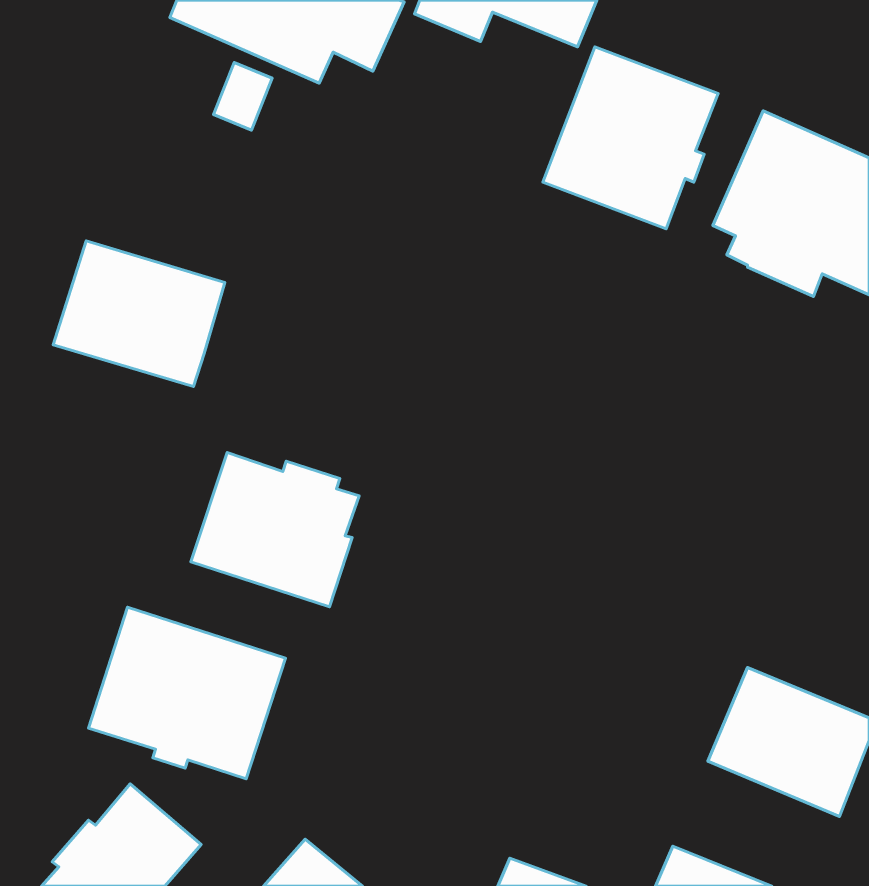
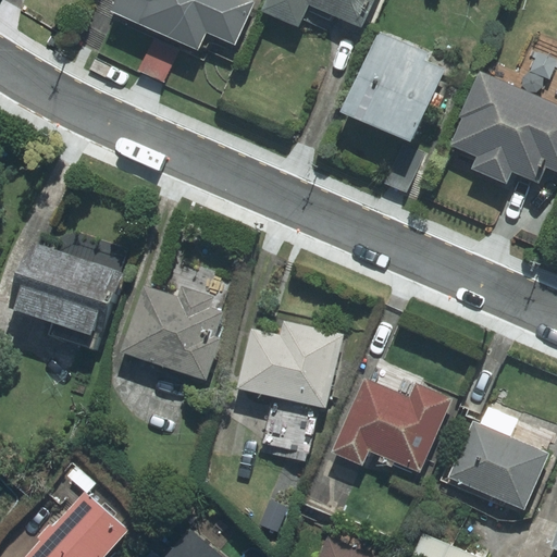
building: [53,241,225,386] -> [16,242,124,333]
building: none -> [238,321,342,463]
building: none -> [330,375,451,472]
building: [88,607,285,779] -> none

